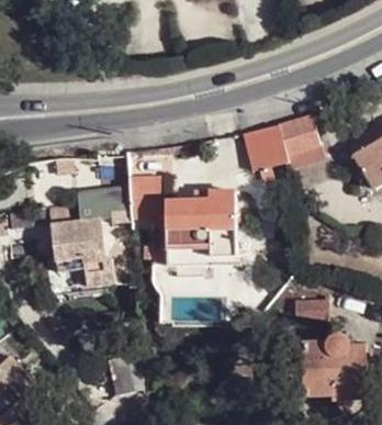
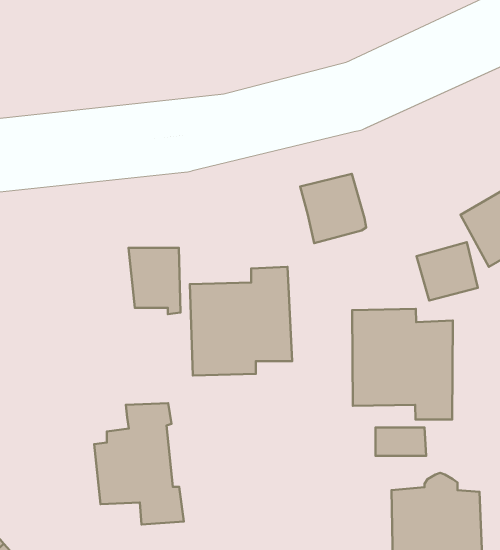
building: [278,113,321,154] -> [417,242,478,300]
building: [50,200,113,284] -> [94,403,184,524]
building: none -> [352,309,453,420]

